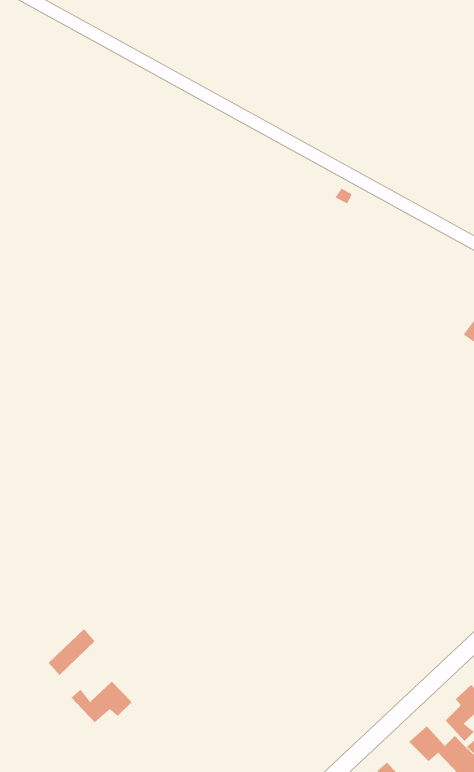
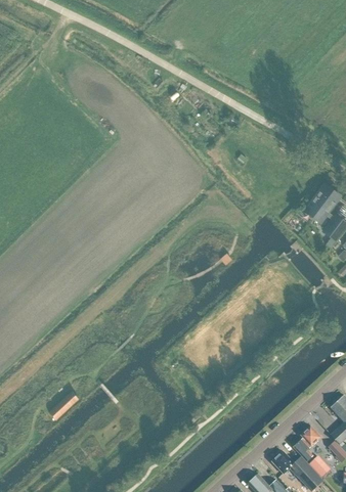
building: [71,681,132,723] -> none

